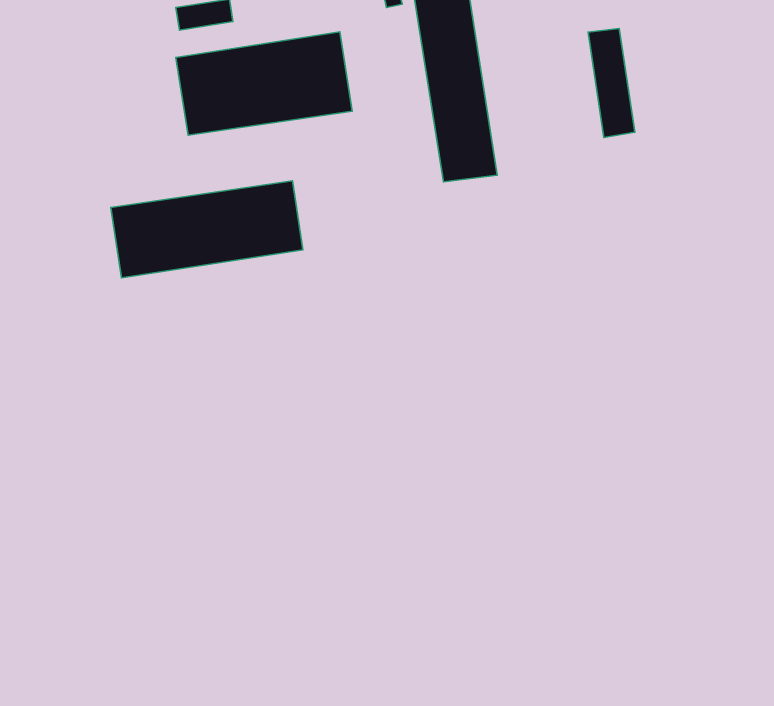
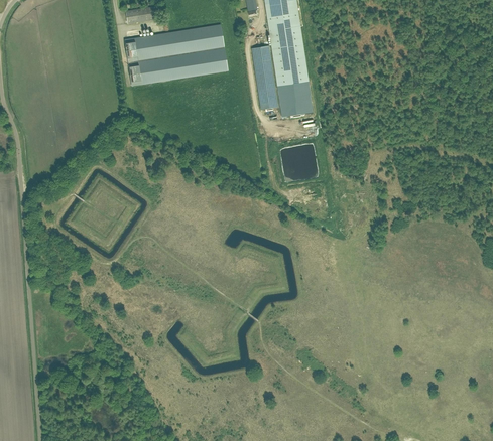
building: [588,29,635,137] -> [251,45,278,109]
building: [111,181,303,278] -> none

